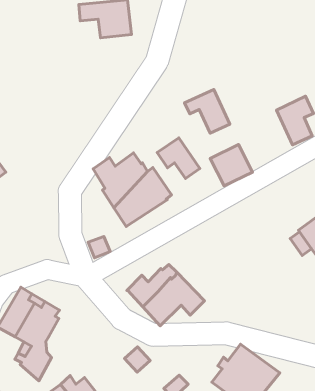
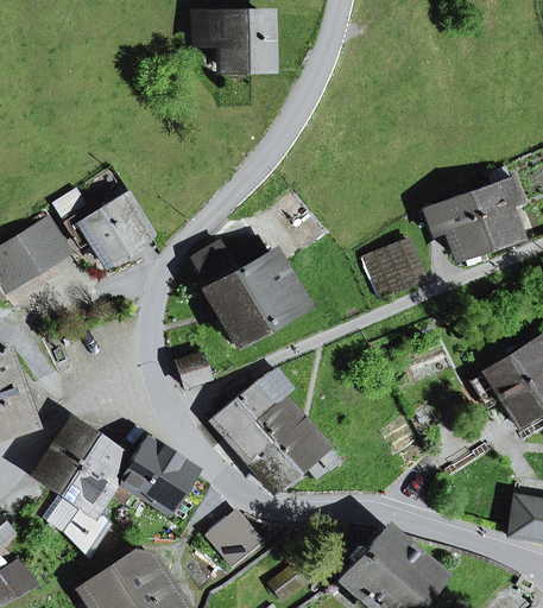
building: [185,90,230,133] -> [424,195,487,258]
building: none -> [67,194,154,264]
building: [157,138,200,178] -> none
building: none -> [213,369,293,437]
building: none -> [109,439,195,513]

